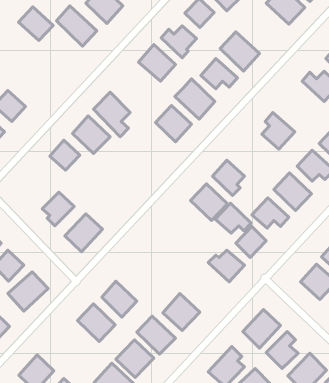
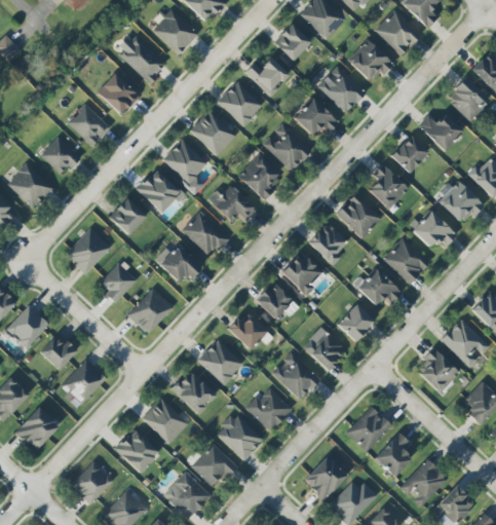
building: [19,7,53,41] -> [97,73,139,114]
building: none -> [348,39,392,83]
building: none -> [68,104,111,146]
building: none -> [190,110,237,155]
building: none -> [390,135,428,173]
building: none -> [208,184,255,221]
building: none -> [336,192,382,238]
building: none -> [182,211,228,256]
building: none -> [65,227,111,274]
building: none -> [159,245,201,280]
building: [215,203,251,233] -> [256,282,300,318]
building: none -> [229,311,267,350]
building: none -> [197,339,243,384]
building: none -> [272,352,320,400]
building: none -> [115,428,159,473]

